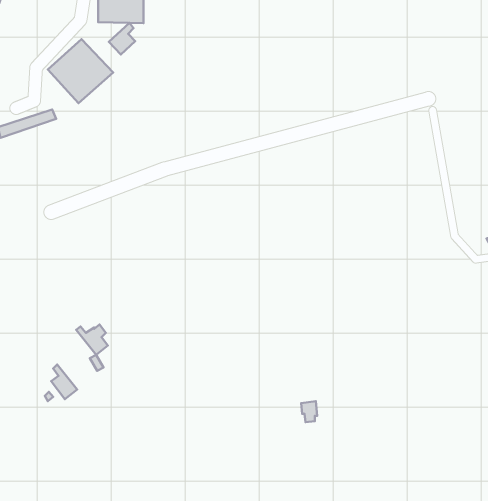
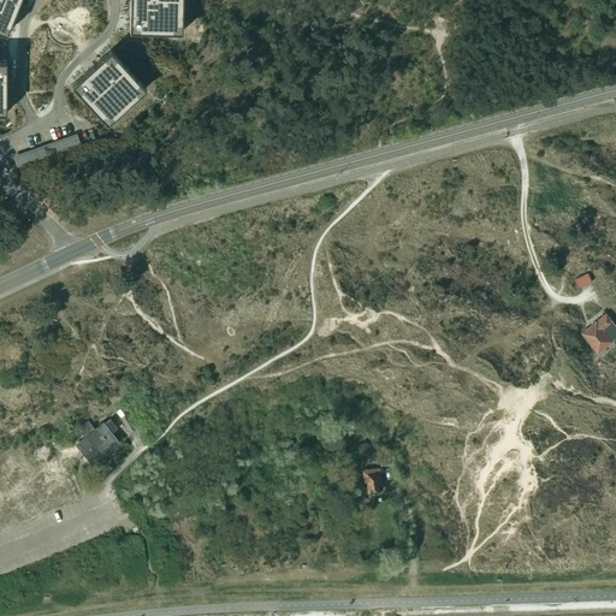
building: [109,23,135,55] -> none
building: [76,325,108,355] -> [84,419,120,454]

